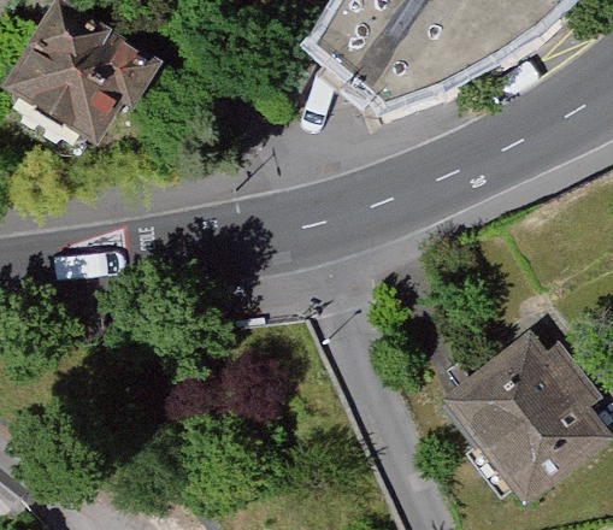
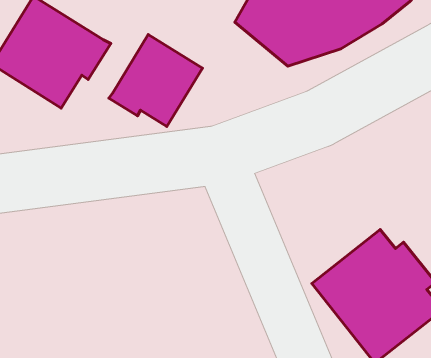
building: none -> [109,35,202,126]

